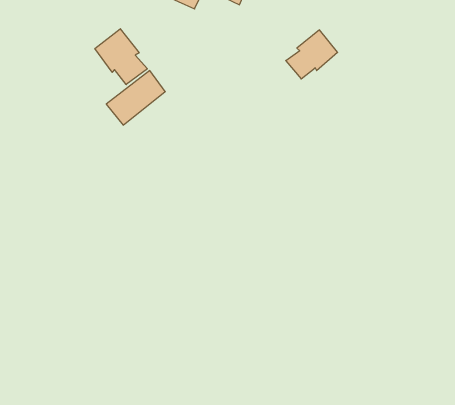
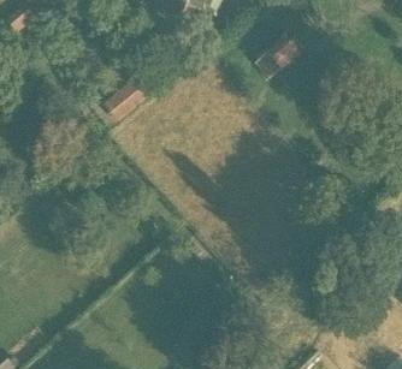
building: [95,29,147,85] -> none

